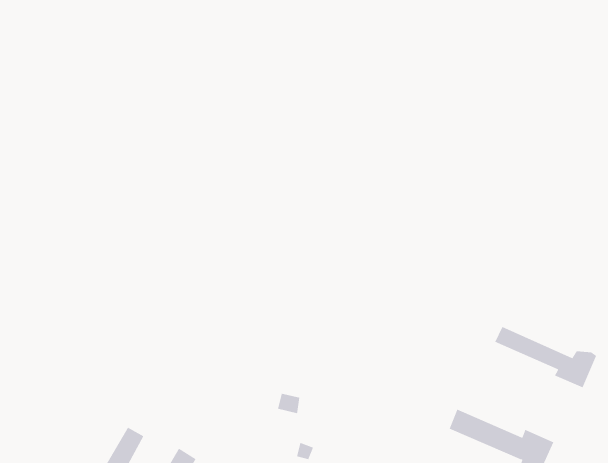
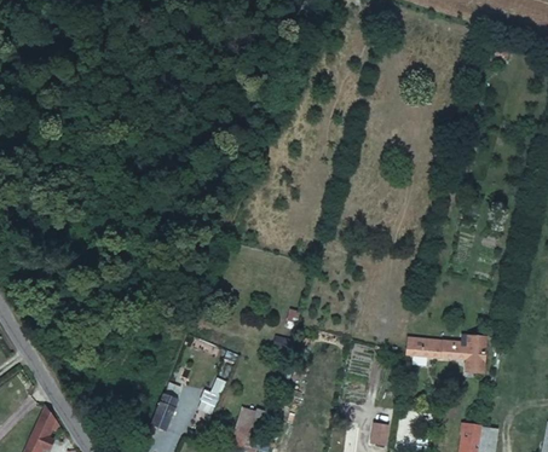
building: [495,326,597,388] -> none

